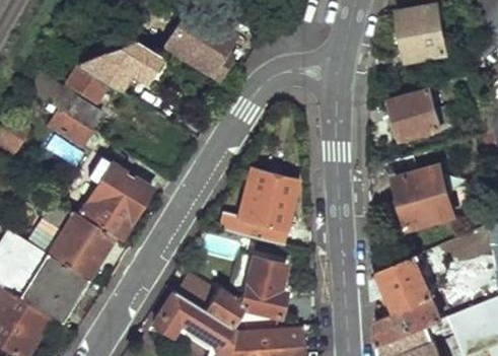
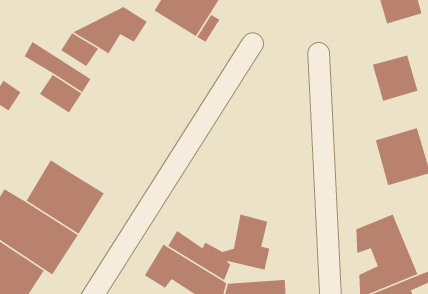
building: [79,163,152,240] -> none
building: [217,169,294,240] -> none

